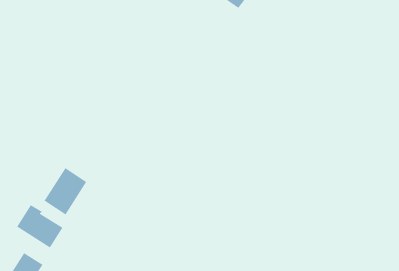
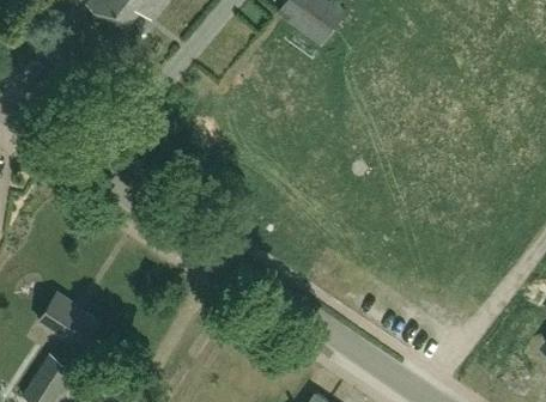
building: [44,167,87,215] -> none

